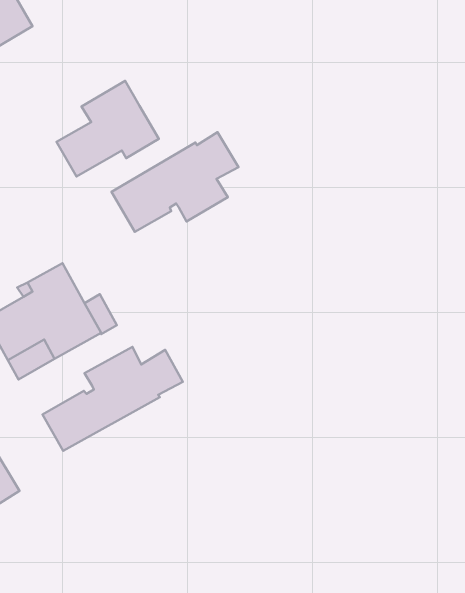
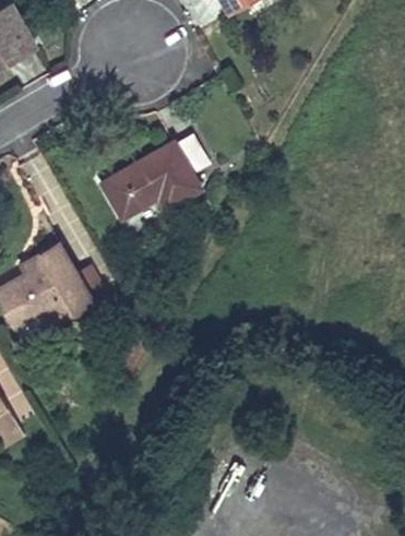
building: [57,81,159,176] -> none
building: [43,347,183,451] -> none

